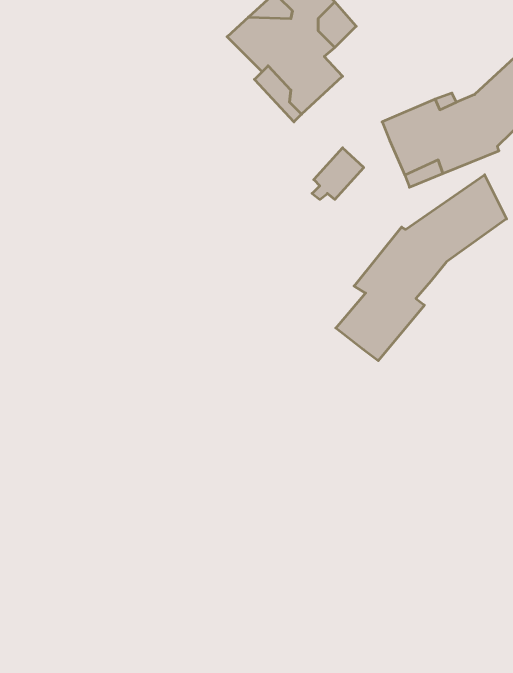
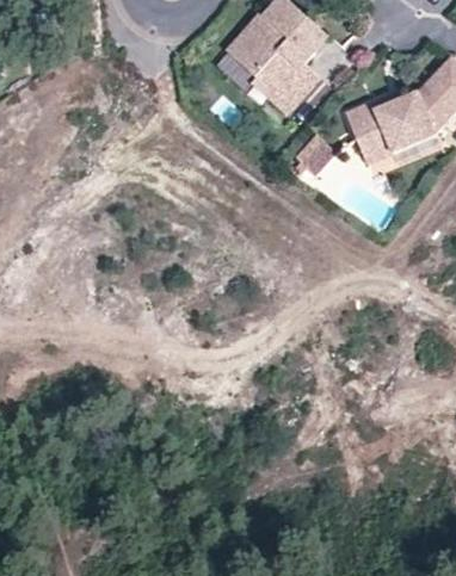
building: [336,175,507,361] -> none

